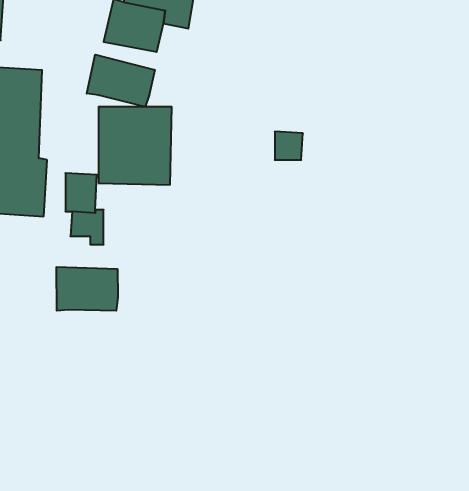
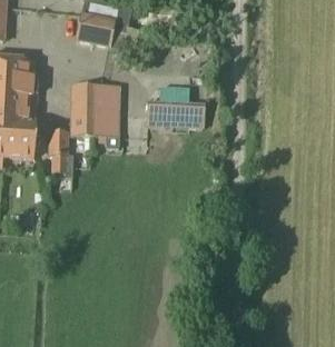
building: [87,55,155,107] -> none
building: none -> [148,100,188,120]
building: [56,267,118,311] -> none

